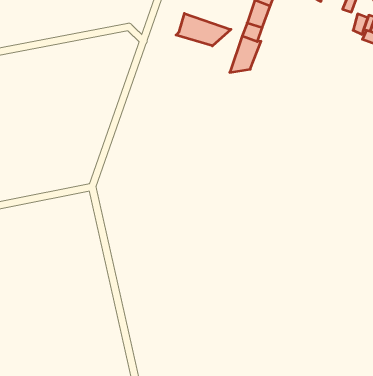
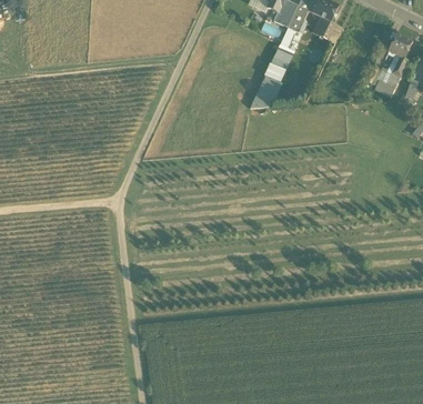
building: [176,13,231,46] -> none

